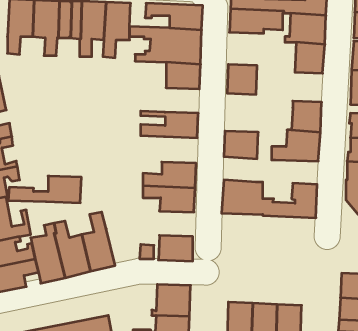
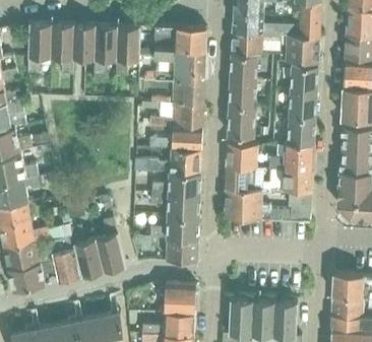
building: none -> [230,54,257,84]
building: none -> [289,90,316,118]
building: none -> [149,105,203,128]
building: none -> [228,110,255,138]
building: none -> [226,167,256,191]
building: none -> [271,170,312,193]
building: [8,176,81,203] -> [134,149,201,174]
building: none -> [149,217,198,241]

